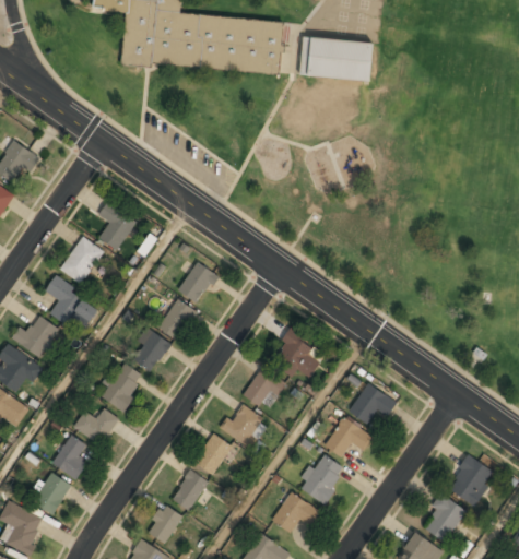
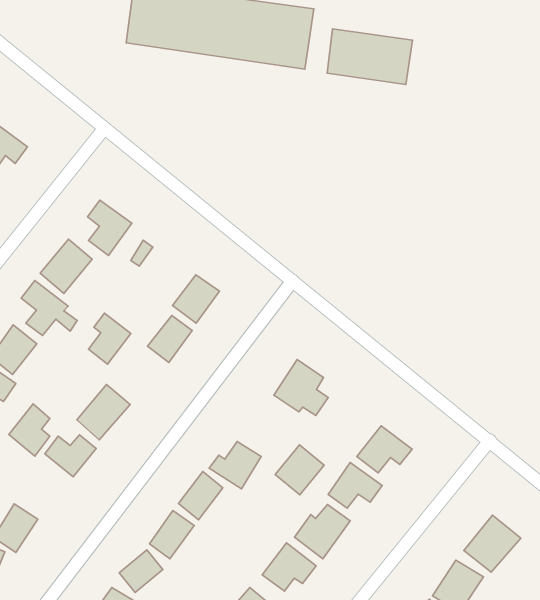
building: [133,328,169,372] -> [89,313,131,364]
building: [243,367,285,411] -> [275,445,324,495]
building: [51,435,87,480] -> [9,404,50,456]

